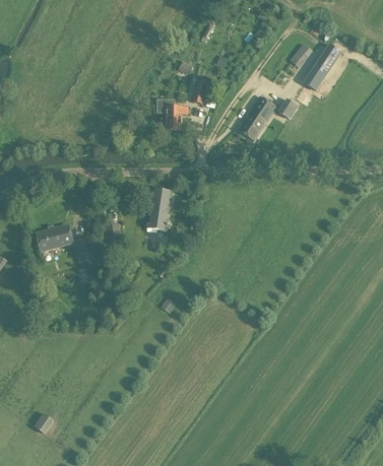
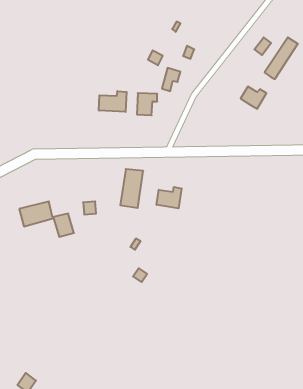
building: [237,95,276,138] -> none
building: none -> [99,91,127,112]
building: none -> [157,187,182,208]

